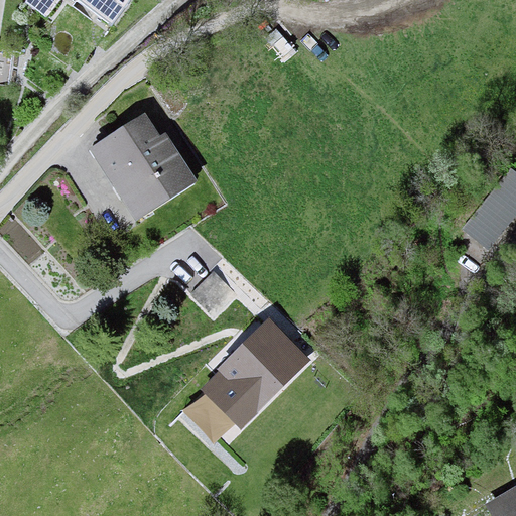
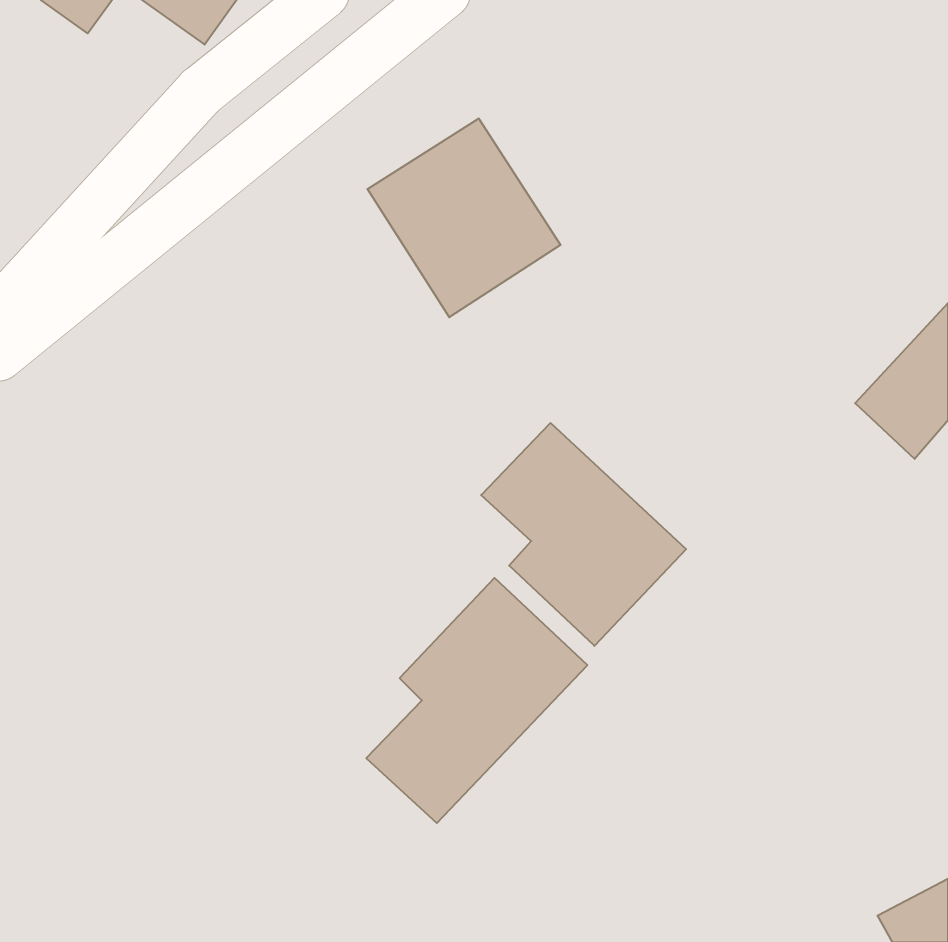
building: [88,110,192,218] -> [367,119,561,317]
building: none -> [481,423,686,646]

